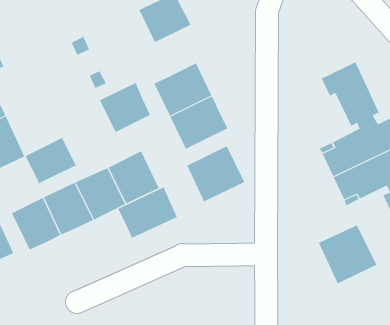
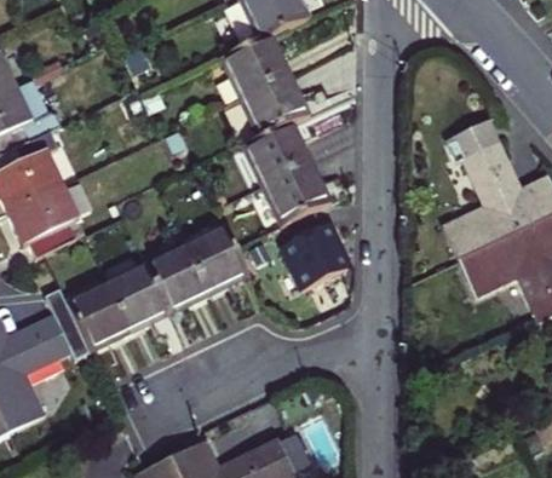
building: [99,82,151,133] -> [243,73,306,134]
building: [25,137,77,184] -> none
building: [118,186,177,239] -> none
building: [318,225,377,284] -> none

